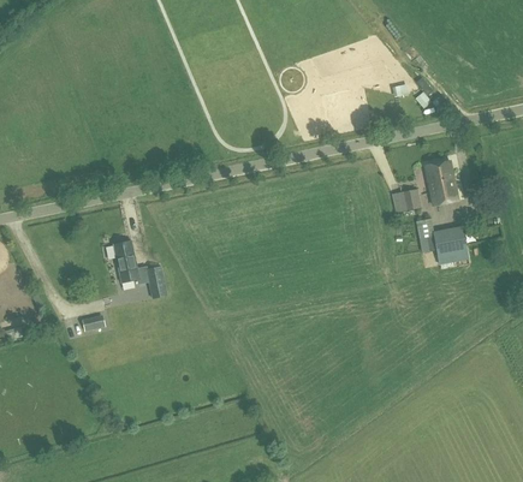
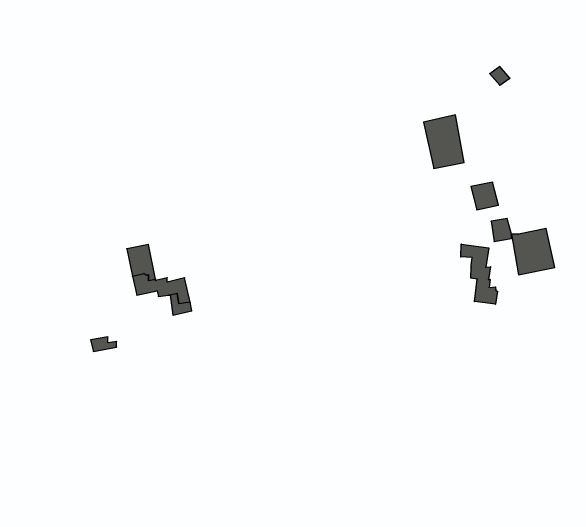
building: [423,160,457,204] -> [424,115,464,168]
building: none -> [461,244,498,304]

